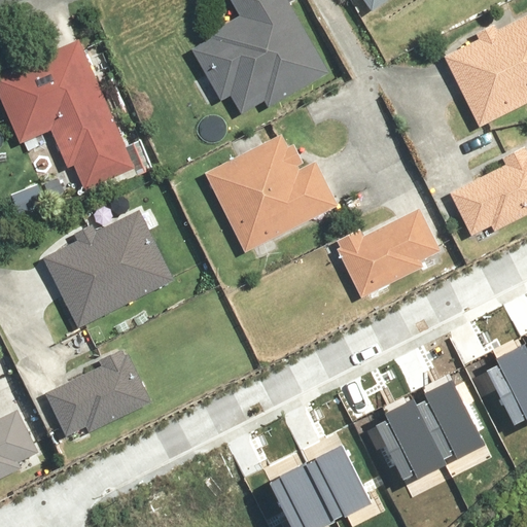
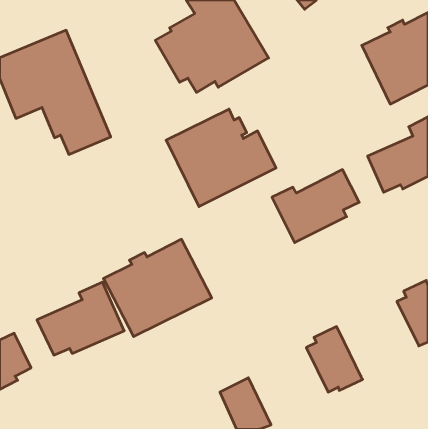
building: [42,208,175,327] -> [103,239,212,337]
building: [416,381,484,461] -> none
building: [305,447,368,521] -> none

